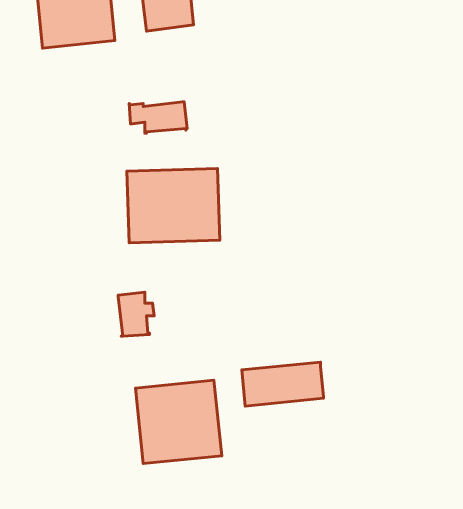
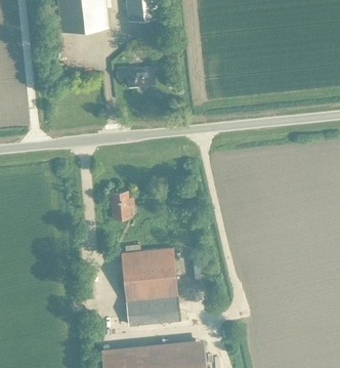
building: [127,169,220,243] -> none
building: [242,362,324,406] -> [127,298,180,327]

